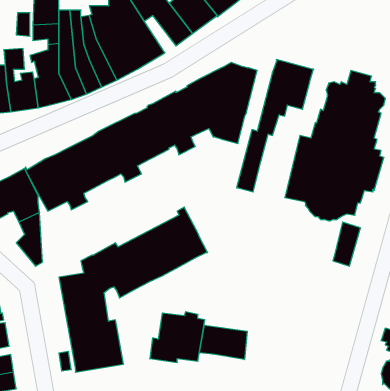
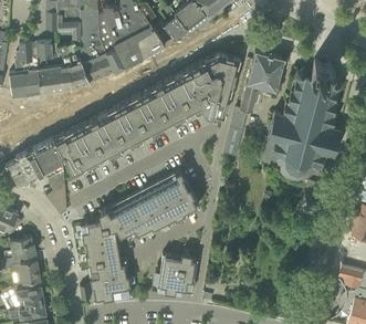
building: [199,325,247,360] -> none

